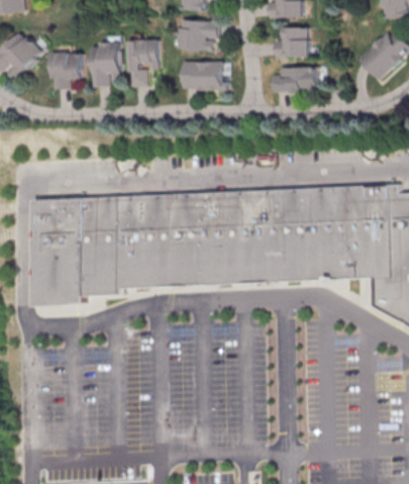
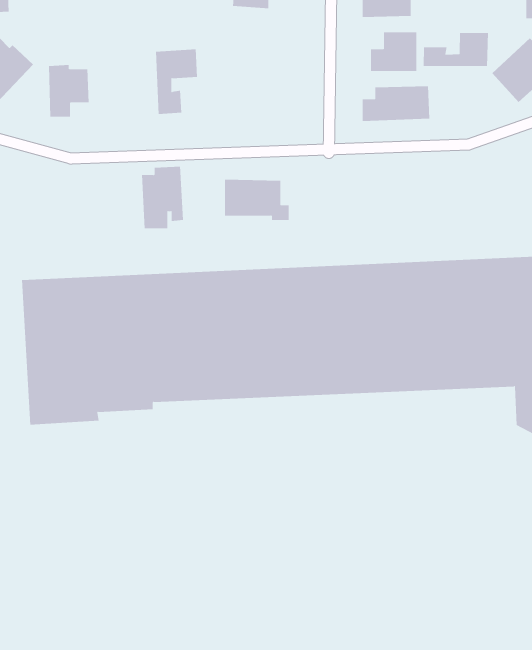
building: [175,18,220,49] -> none
building: none -> [423,32,489,67]
building: [87,39,117,84] -> [141,166,184,229]
building: [181,60,227,89] -> [224,179,290,220]

